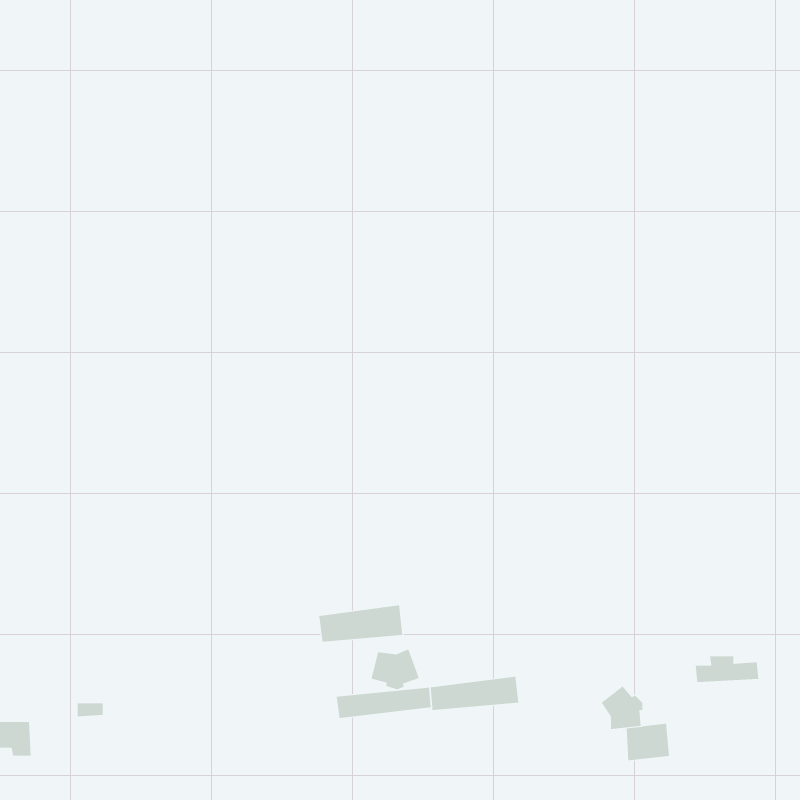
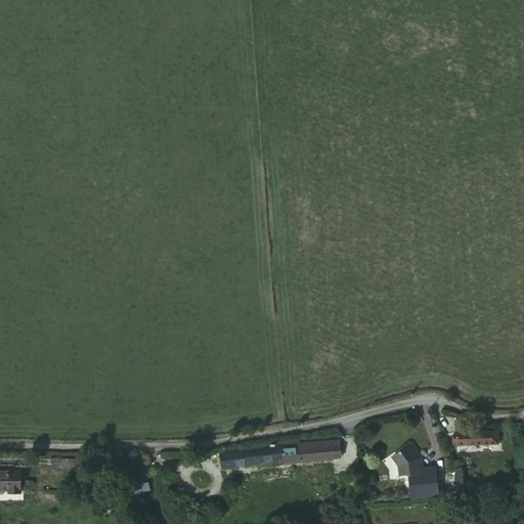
building: [318,604,403,642] -> none
building: [371,648,420,690] -> none

